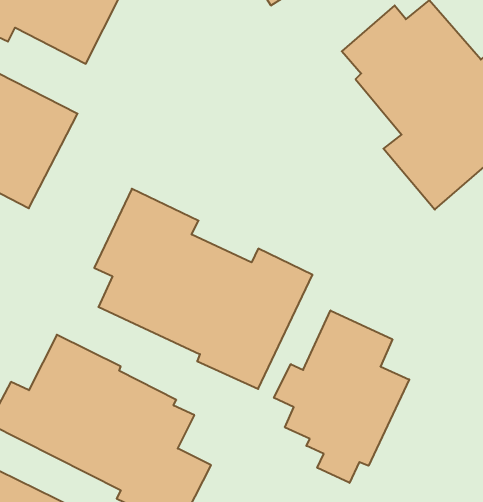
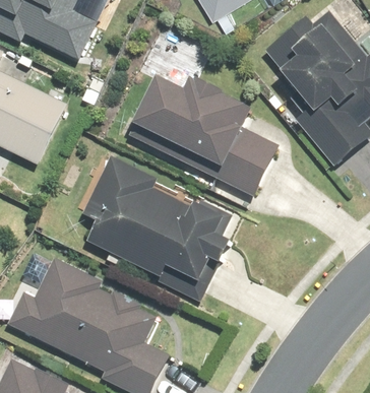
building: none -> [130,80,276,196]
building: [274,310,409,483] -> none

